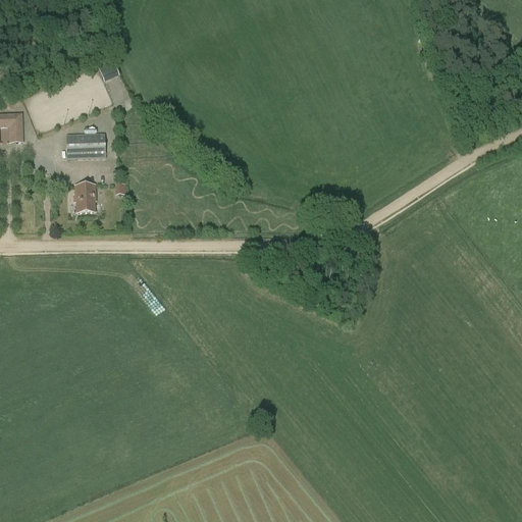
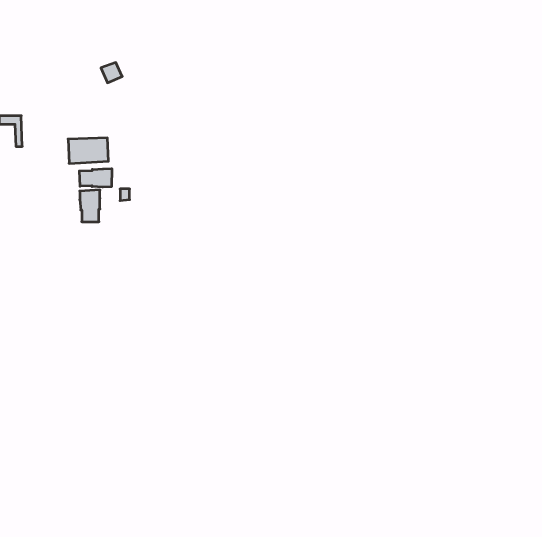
building: none -> [79,169,112,187]

